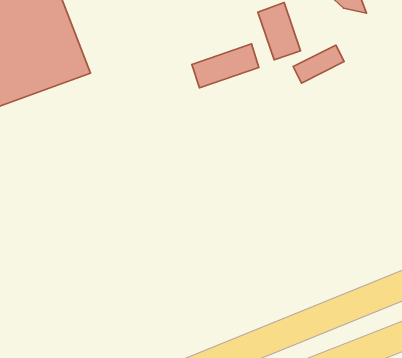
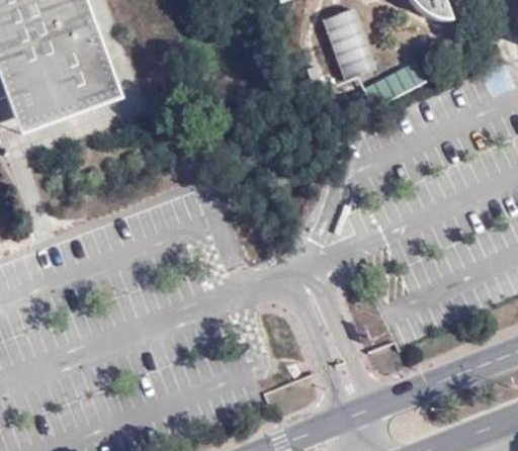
building: [192,44,259,88] -> none

